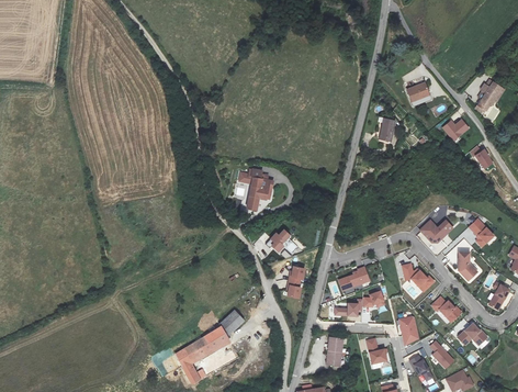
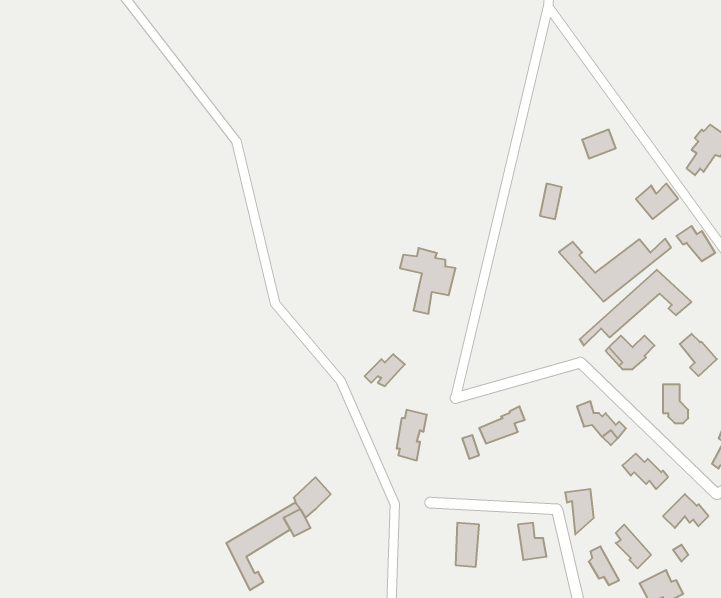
building: none -> [559,239,671,302]
building: [237,169,273,212] -> [400,248,456,314]
building: none -> [580,270,691,346]
building: [333,292,383,318] -> none

